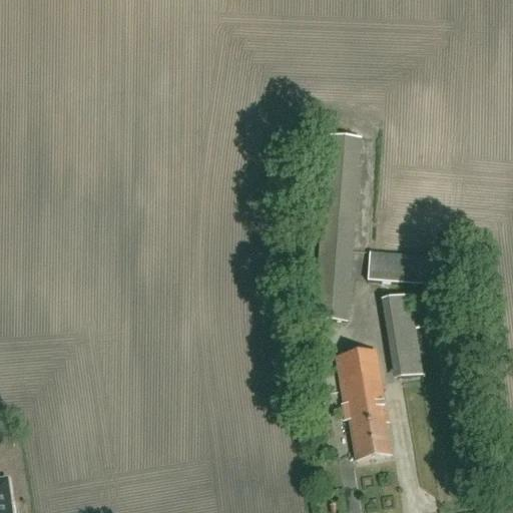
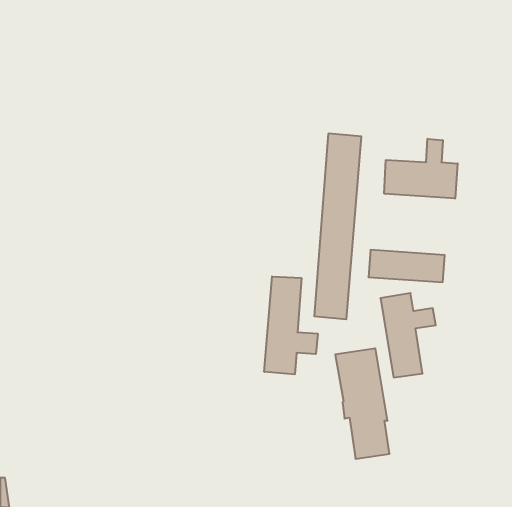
building: none -> [384,139,458,199]
building: none -> [264,276,318,374]

